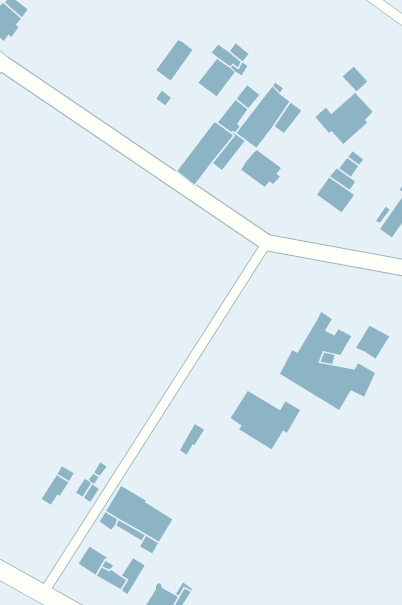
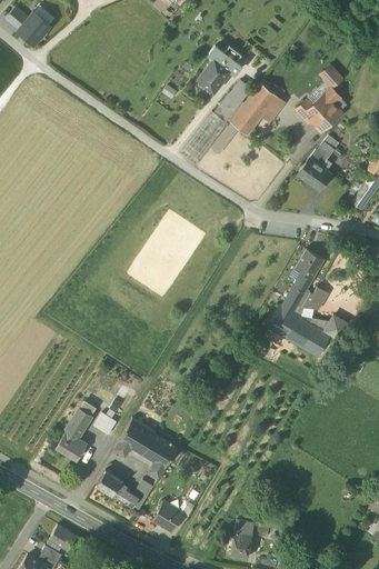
building: [155,39,193,82] -> none
building: [240,149,282,188] -> none
building: [355,324,390,360] -> [295,249,325,279]
building: [229,390,301,450] -> none
building: none -> [56,431,87,460]

